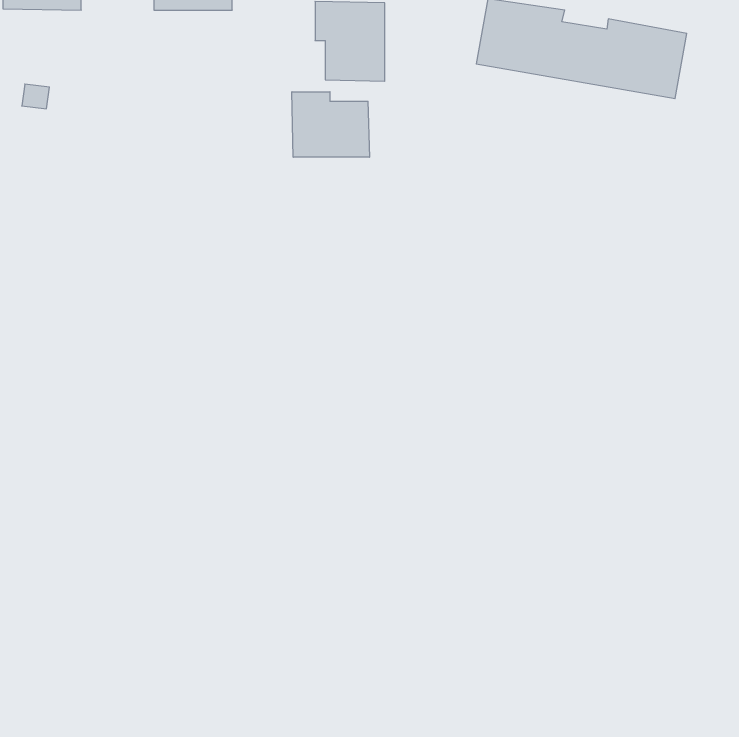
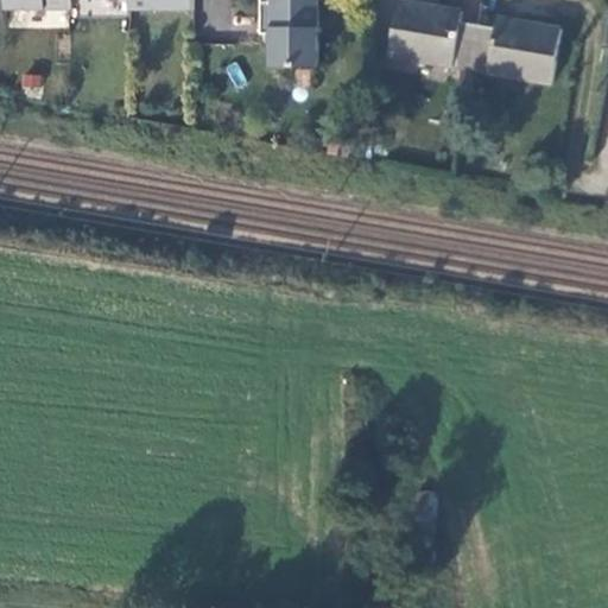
building: [292,92,369,157] -> none

